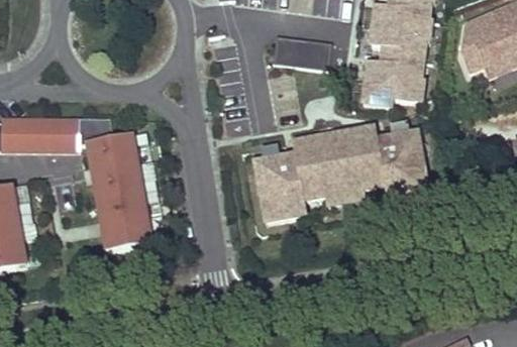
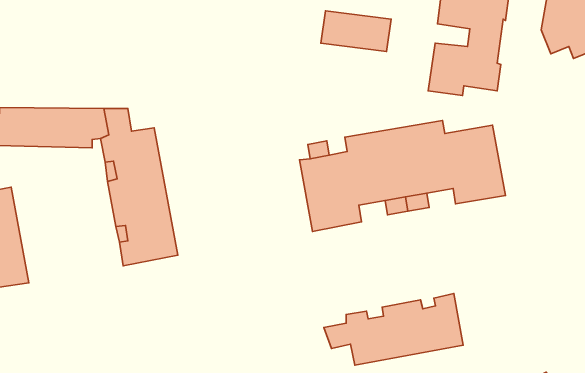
building: none -> [324,294,463,365]

